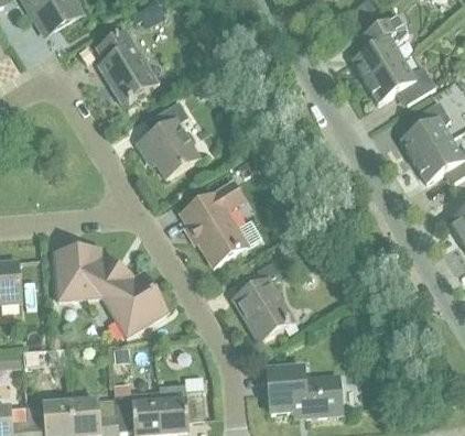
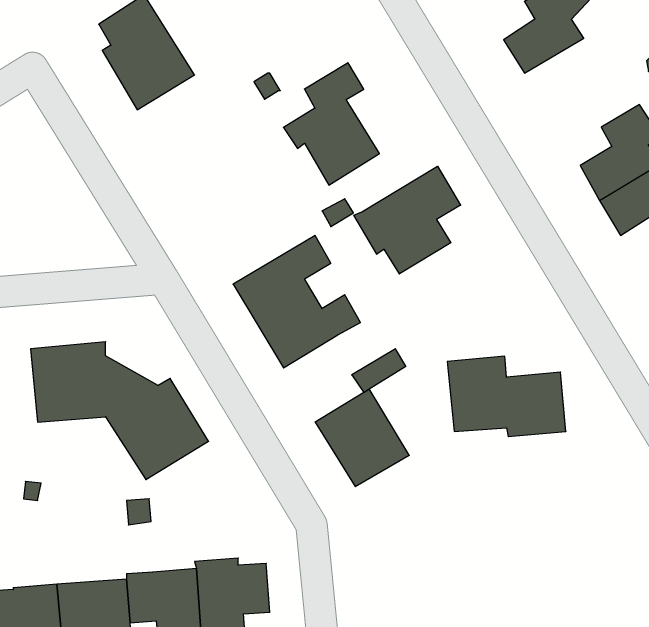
building: [365,57,434,102] -> none
building: [137,101,197,178] -> [283,63,379,185]
building: none -> [354,166,461,274]
building: [266,366,340,416] -> [447,356,566,437]

